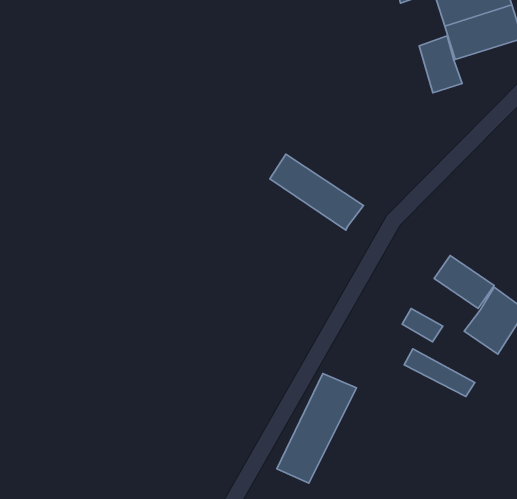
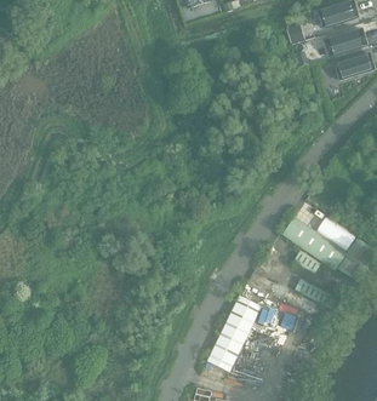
building: [419,36,462,93] -> none
building: [270,154,363,230] -> [281,216,345,268]

